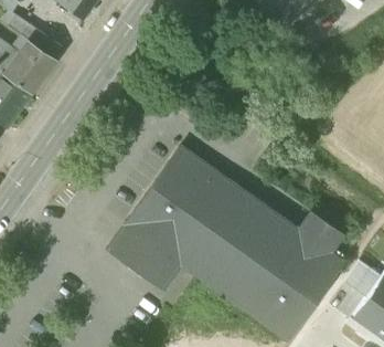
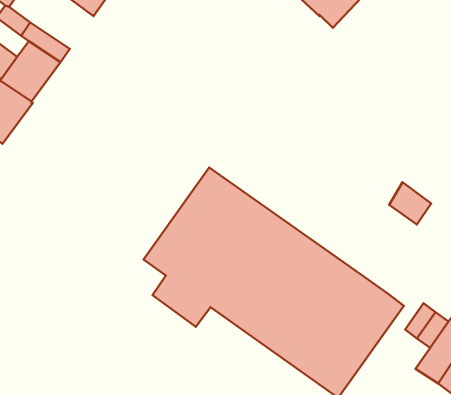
building: [307,218,342,253] -> [389,182,431,224]
building: [107,224,169,290] -> none

